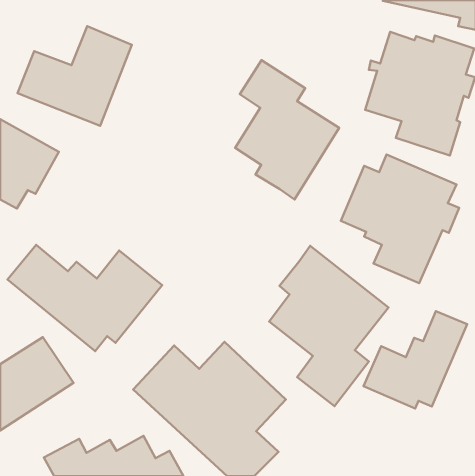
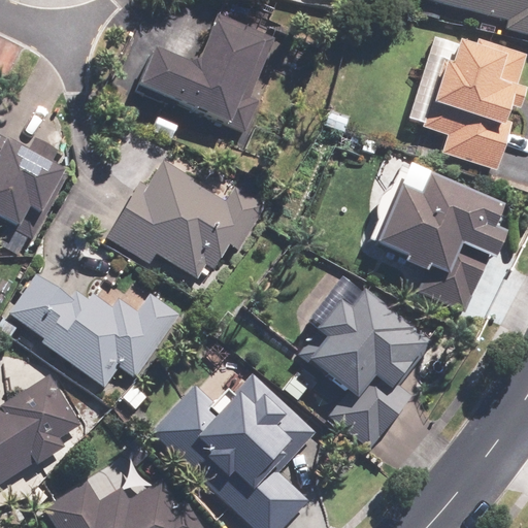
building: [17,26,132,126] -> [139,16,266,127]
building: [235,60,339,199] -> none
building: none -> [106,162,265,286]
building: [364,311,467,409] -> none

